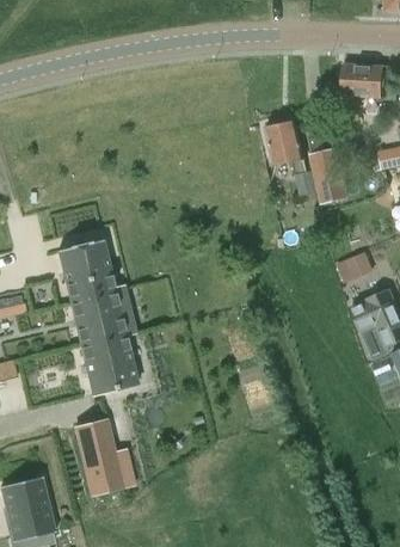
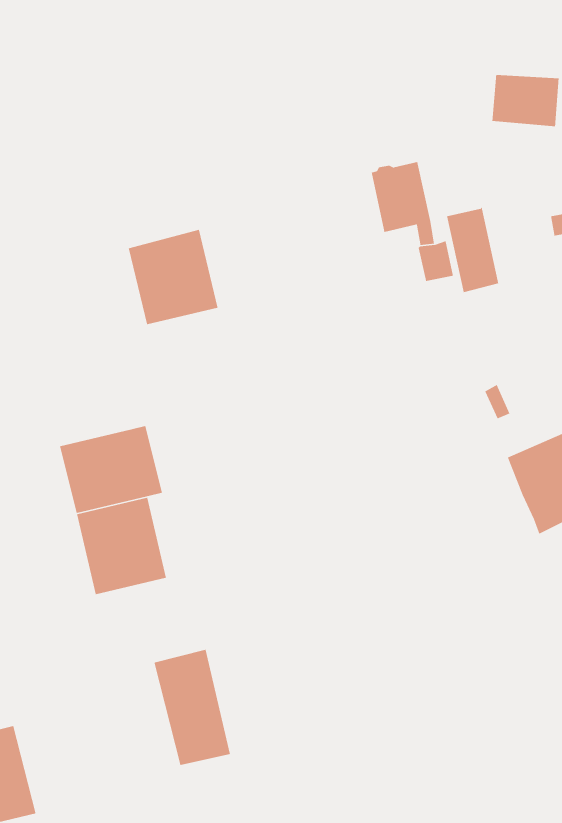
building: [57,238,115,299] -> [128,229,218,325]
building: [74,419,123,493] -> [153,649,231,766]

